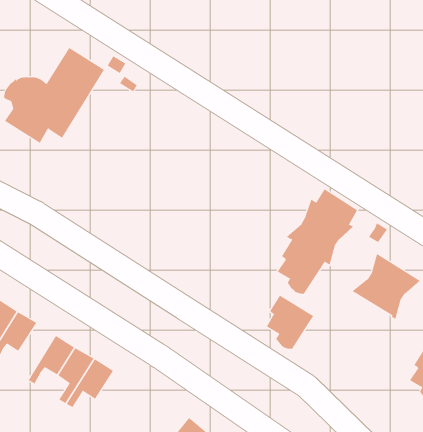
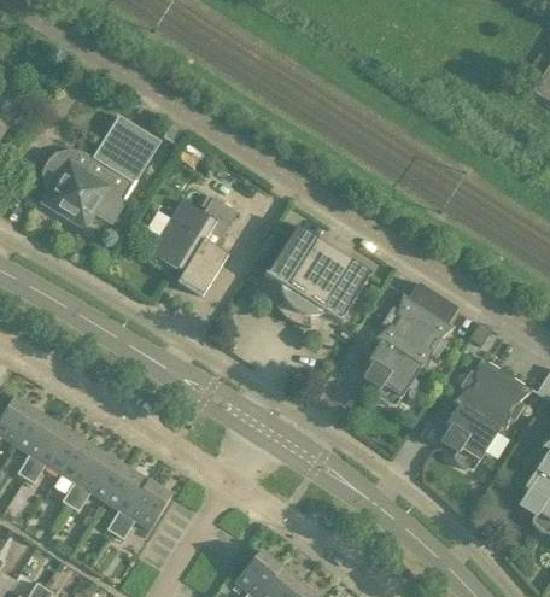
building: none -> [151,197,236,295]
building: none -> [264,226,371,327]
building: [266,295,314,349] -> [441,405,498,469]
building: none -> [59,439,103,507]

